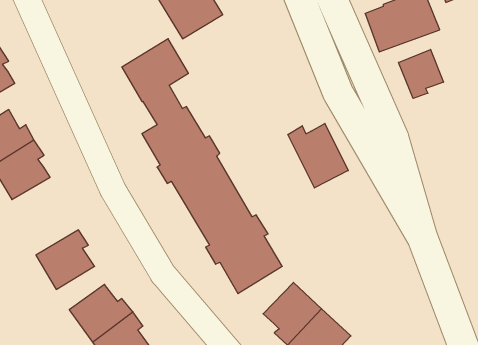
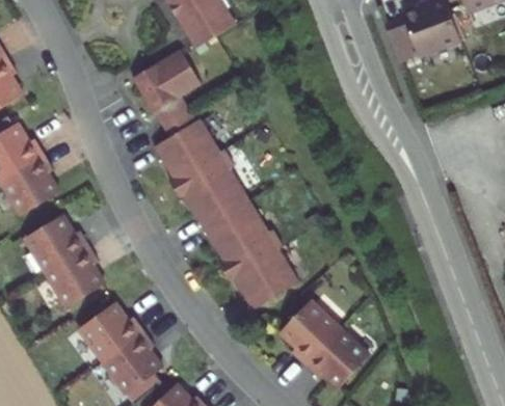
building: [399,49,443,98] -> none
building: [288,123,348,188] -> none
building: none -> [24,213,88,271]

